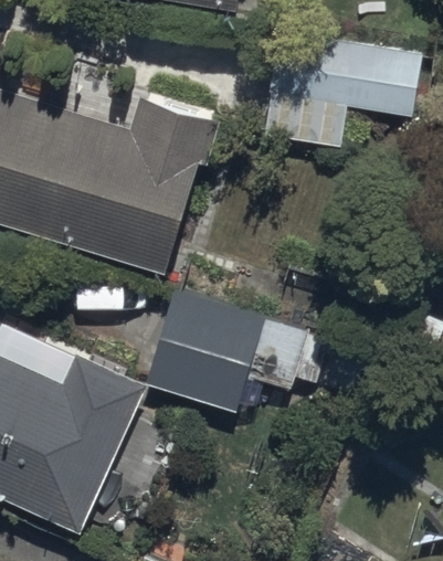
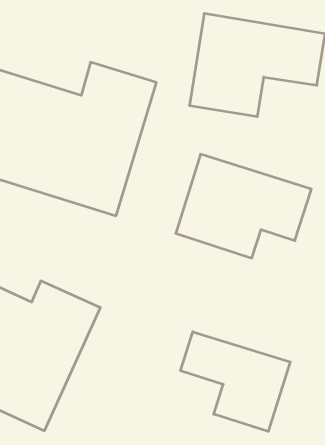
building: [149,289,313,414] -> [176,154,311,258]
building: none -> [181,332,290,431]

